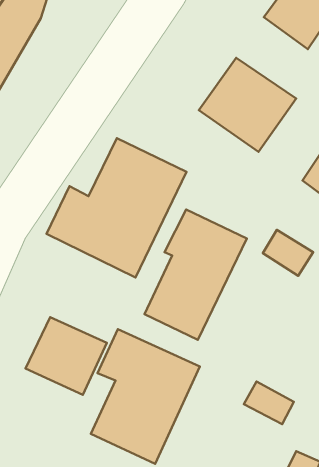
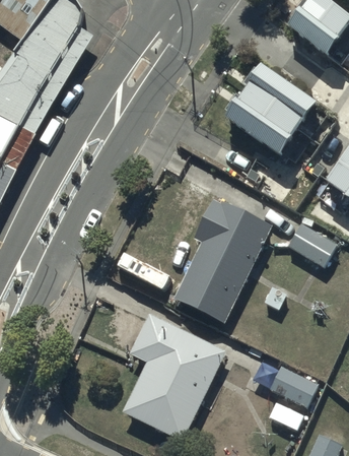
building: [47,138,186,277] -> none
building: [25,317,107,395] -> none

